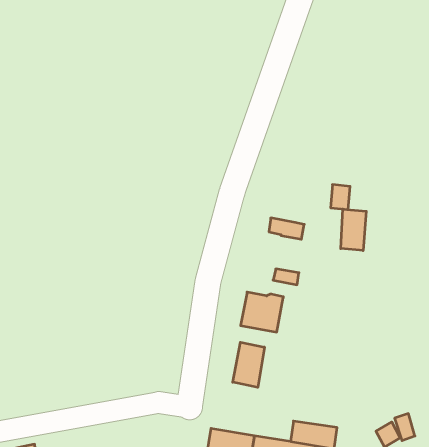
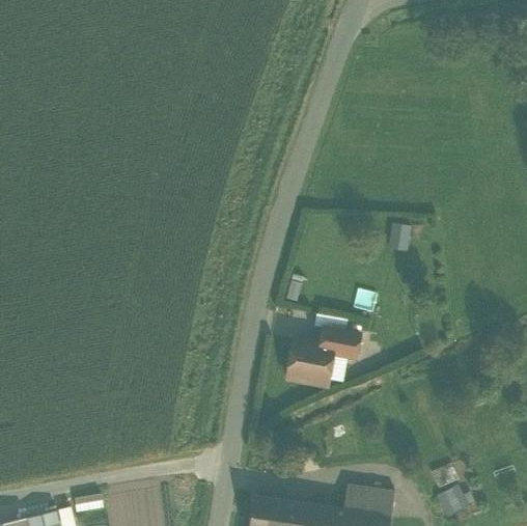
building: [341,209,366,251] -> none
building: [269,218,304,239] -> [321,329,360,353]
building: [233,342,264,387] -> none

